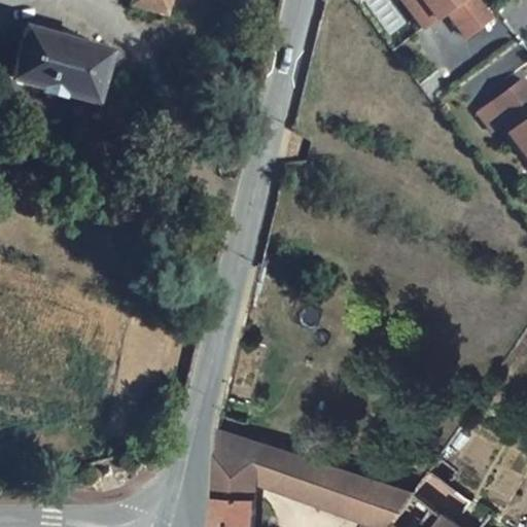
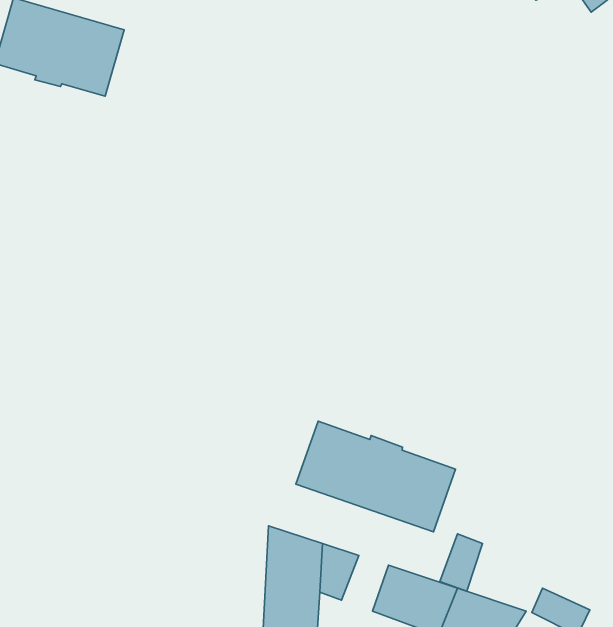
building: none -> [296,421,456,532]
building: none -> [440,534,482,591]
building: [275,452,311,494] -> none

